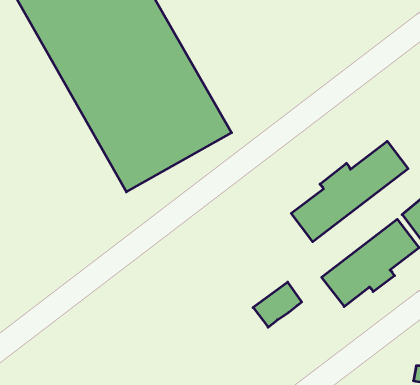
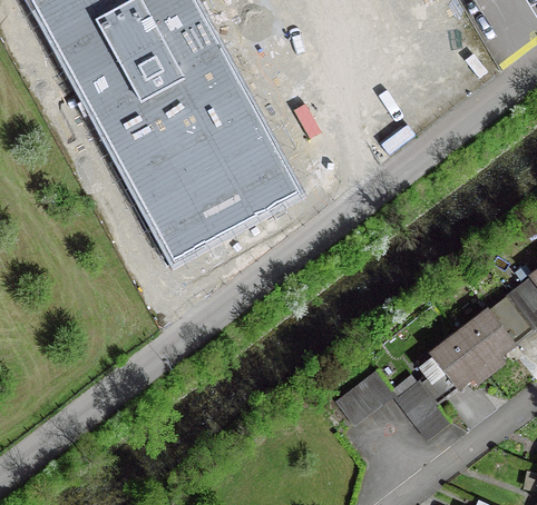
building: [291,141,408,242] -> none
building: none -> [393,383,446,440]

